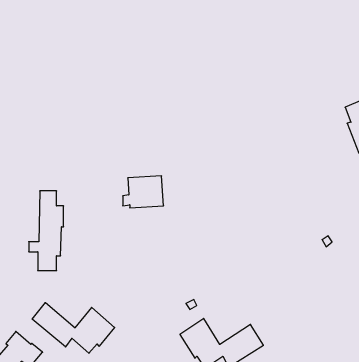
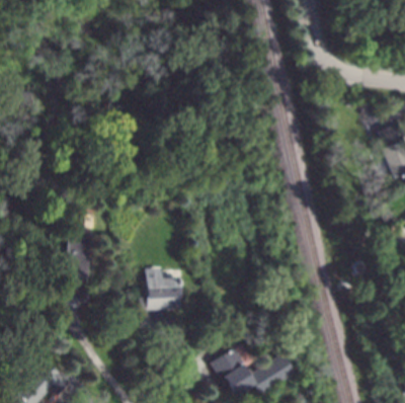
building: [123,176,164,208] -> [142,275,183,308]
building: [32,303,115,353] -> none

